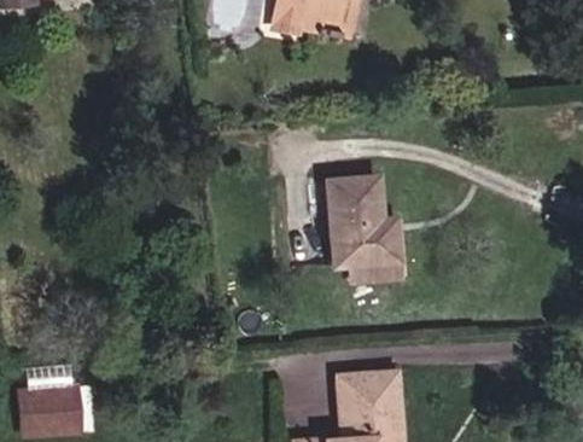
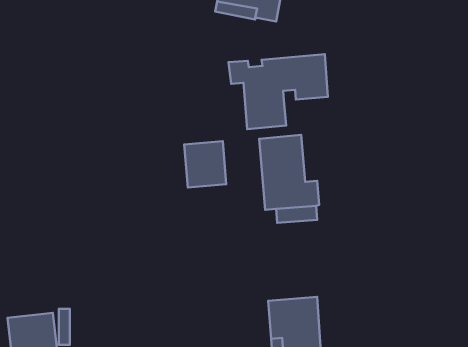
building: none -> [229,54,328,129]
building: none -> [184,141,226,187]

